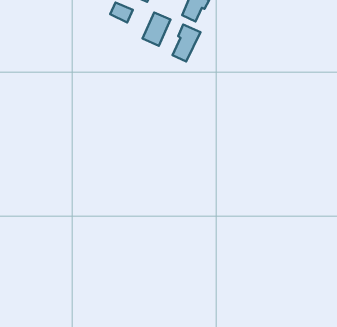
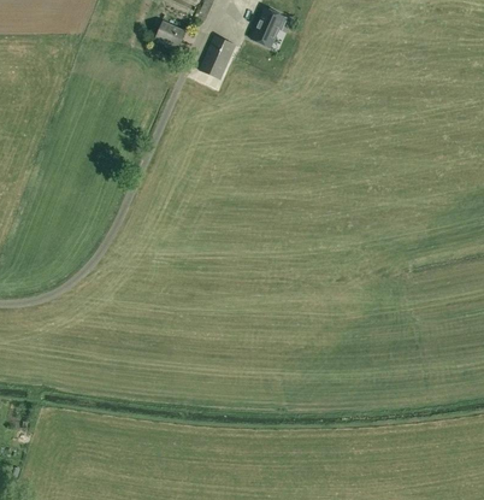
building: [173,24,200,61] -> none

